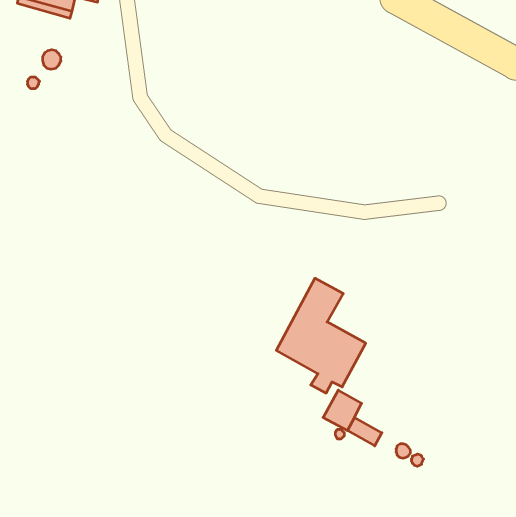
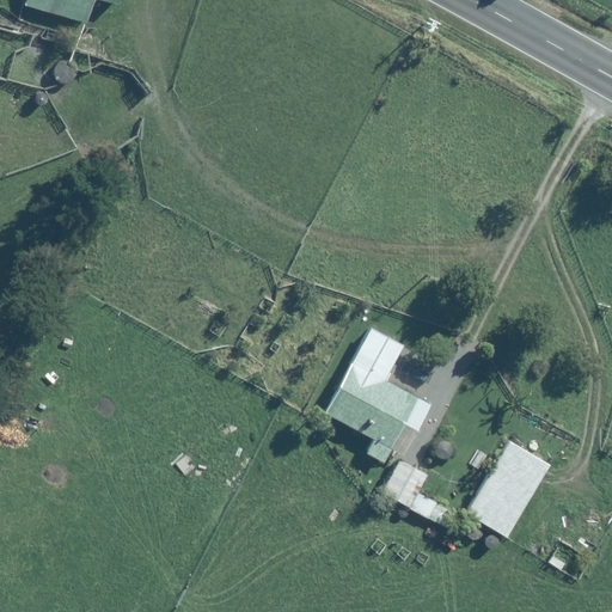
building: none -> [464,440,550,538]

